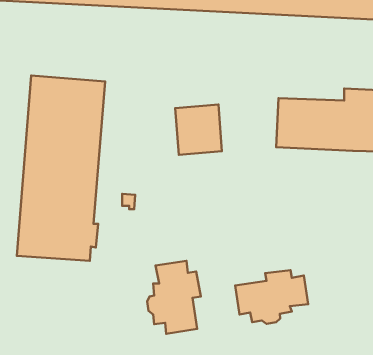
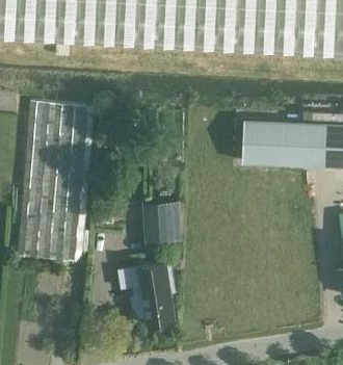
building: [175,104,222,155] -> [141,201,182,244]
building: [235,270,308,324] -> none

